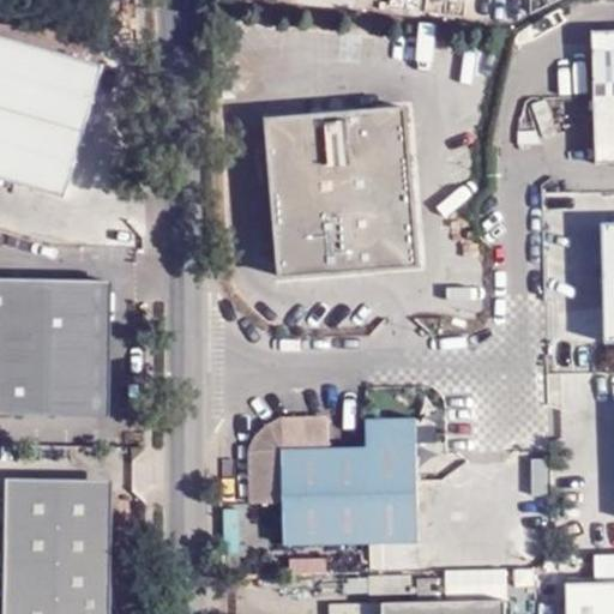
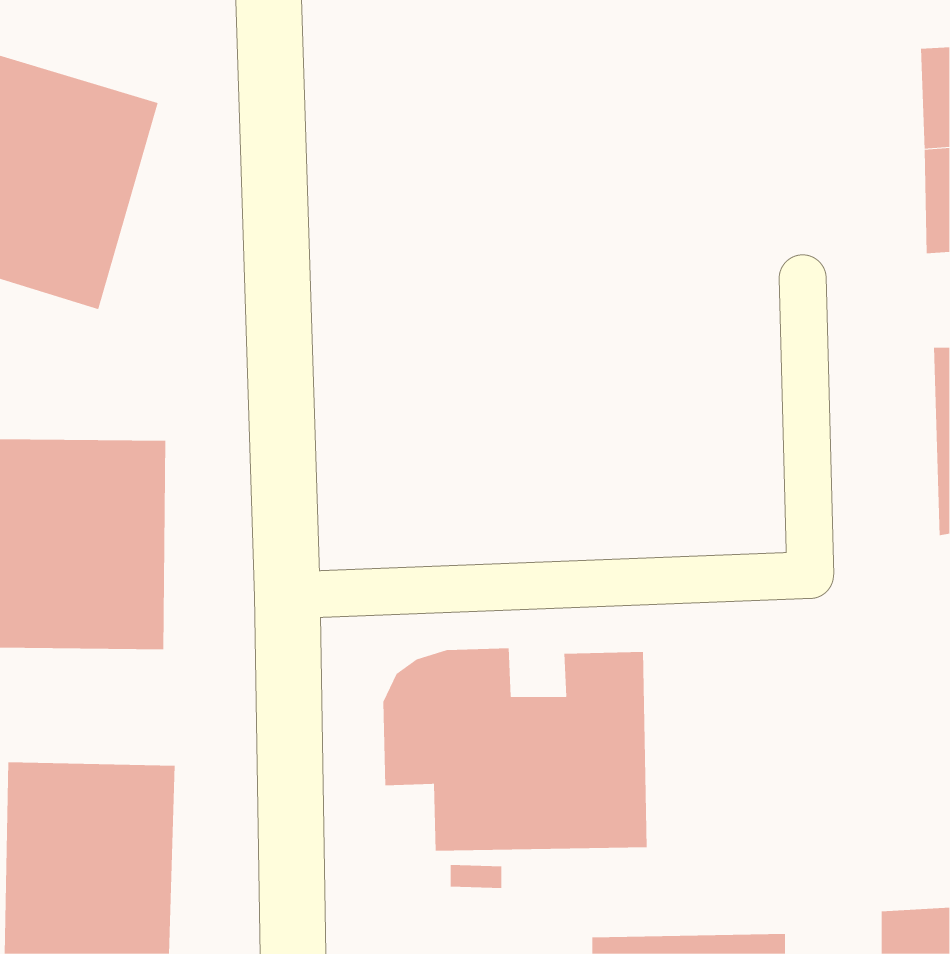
building: [266,108,419,277] -> none

